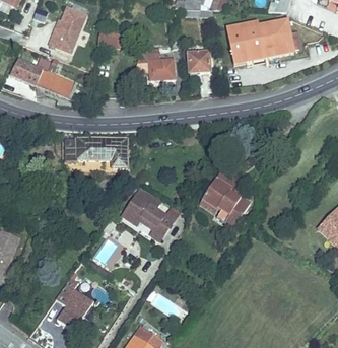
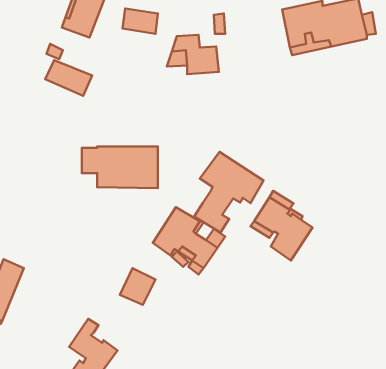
building: [189,53,210,73] -> none
building: [11,58,44,84] -> none
building: none -> [194,152,264,233]

